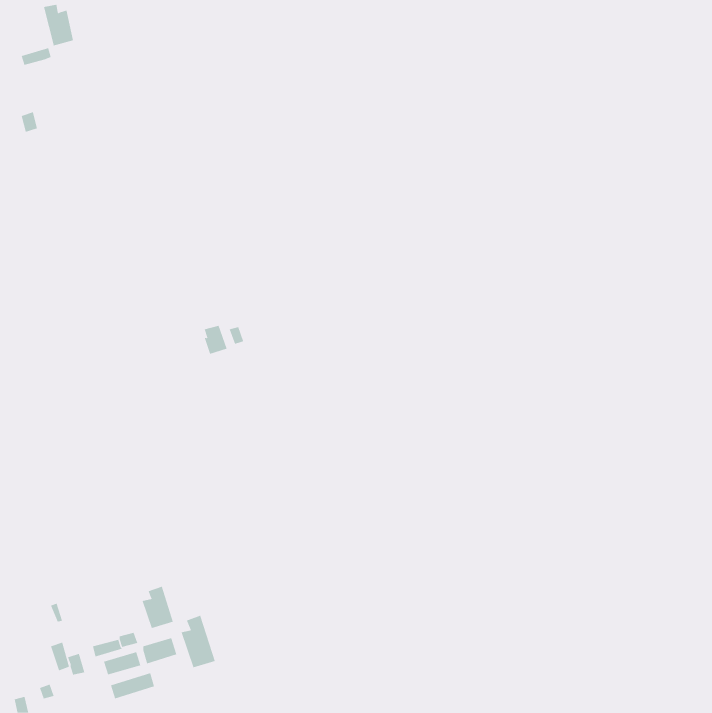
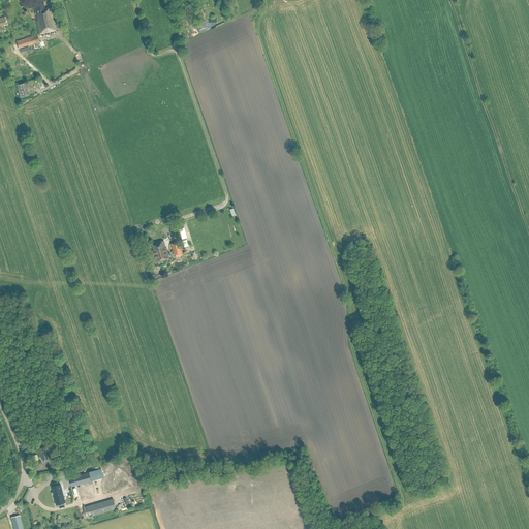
building: [142,586,174,629] -> none
building: [181,615,215,668] -> none

